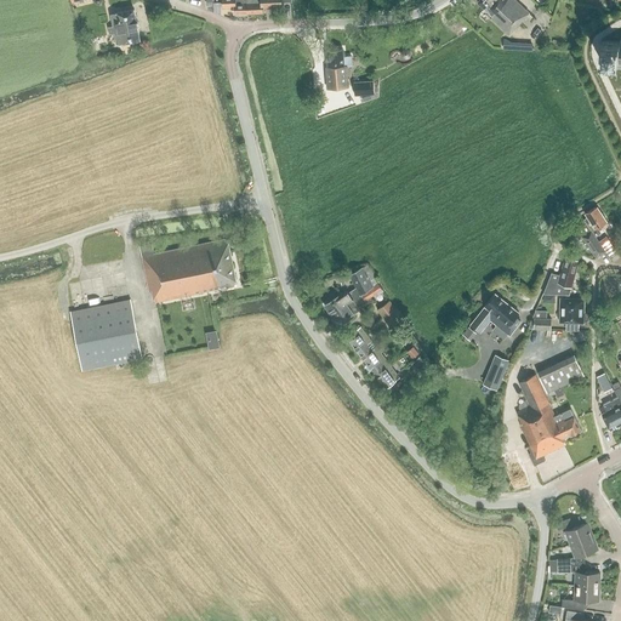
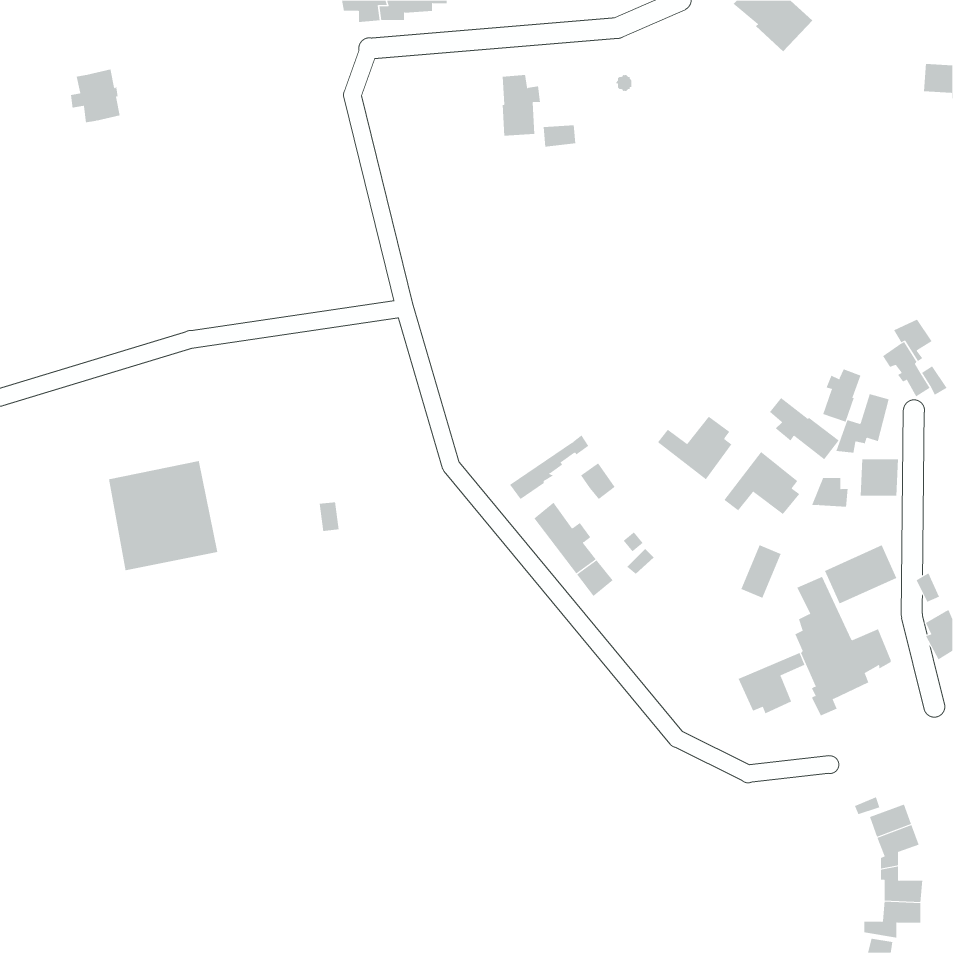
building: [107,10,139,45] -> [70,69,120,123]
building: [139,239,237,302] -> none
building: none -> [822,369,861,423]
building: none -> [769,397,839,460]
building: [325,268,372,315] -> none
building: none -> [657,416,732,480]
building: none -> [738,652,805,714]

